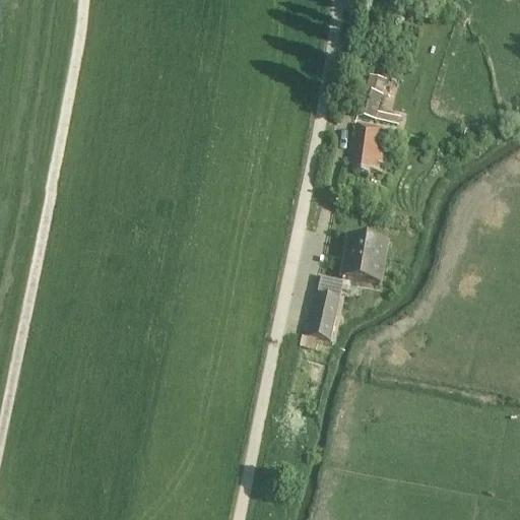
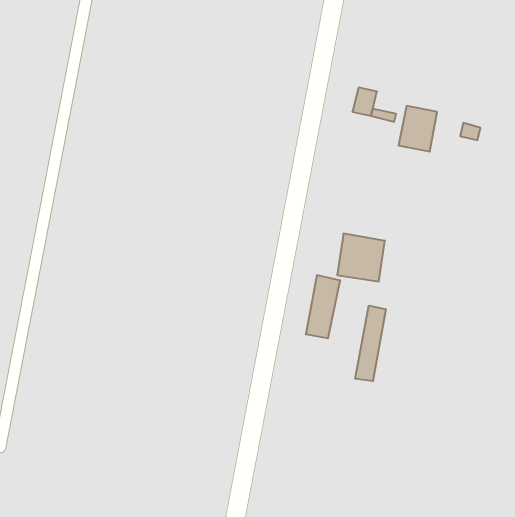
building: [346,121,385,167] -> [399,106,437,152]
building: none -> [355,306,386,381]

